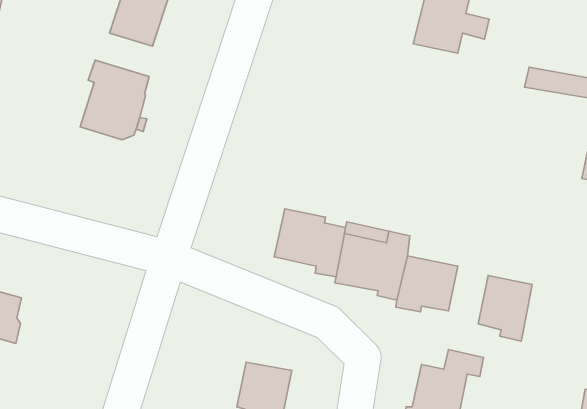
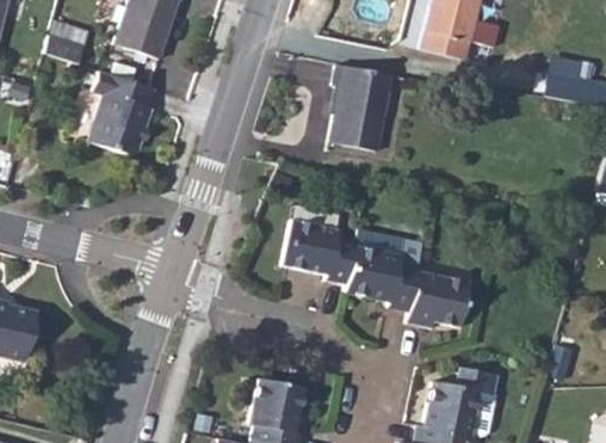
building: none -> [48,18,92,61]
building: none -> [328,61,391,149]
building: [478,275,532,341] -> none

